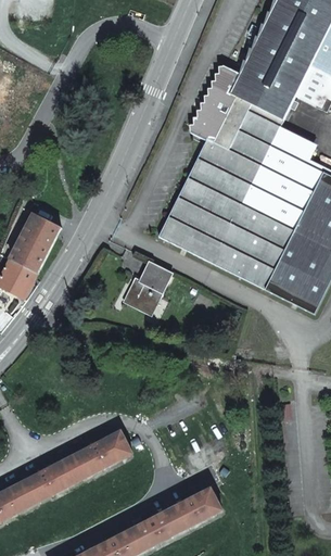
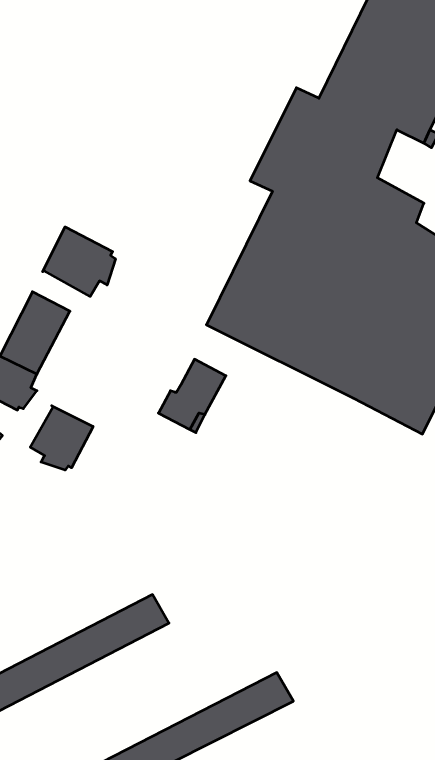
building: none -> [43,227,115,296]
building: none -> [30,406,93,470]

